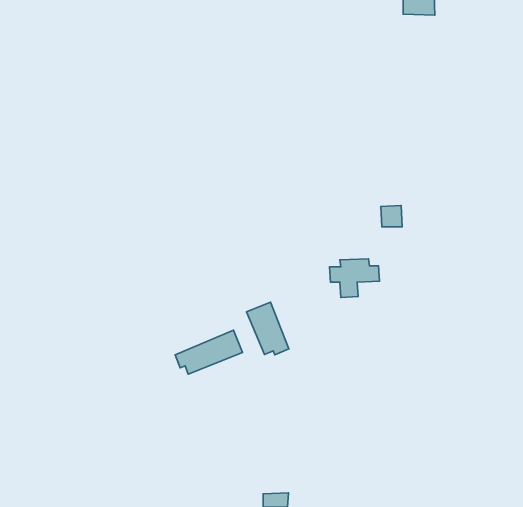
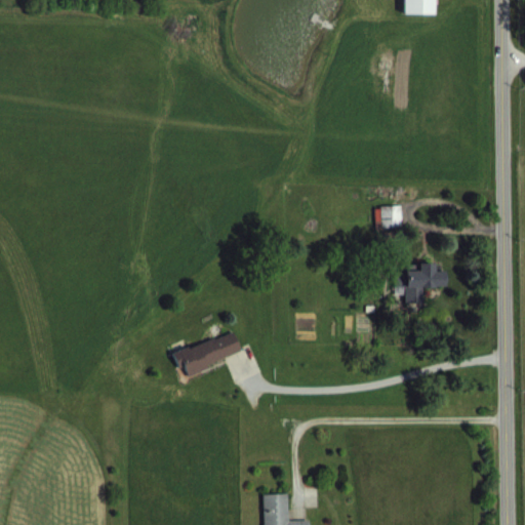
building: [329,259,380,298] -> [395,265,445,304]
building: [246,302,289,355] -> none

